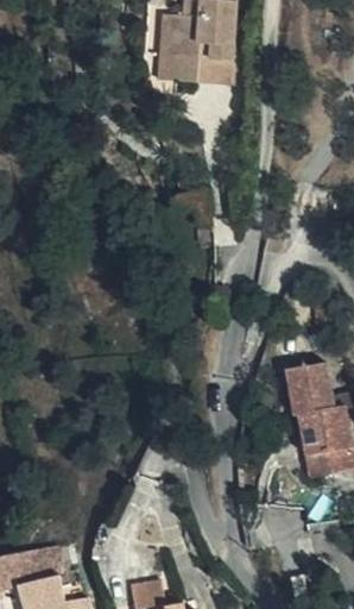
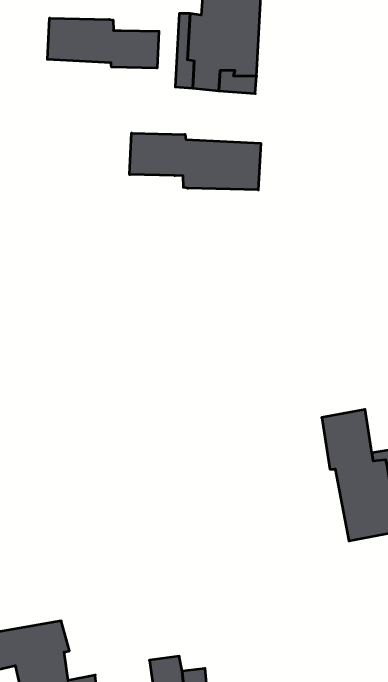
building: none -> [47,18,159,68]
building: none -> [130,133,261,190]

